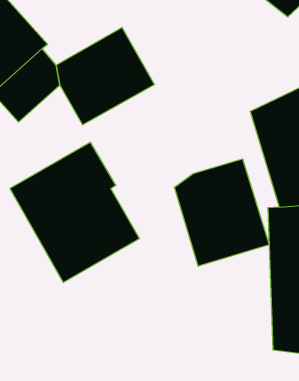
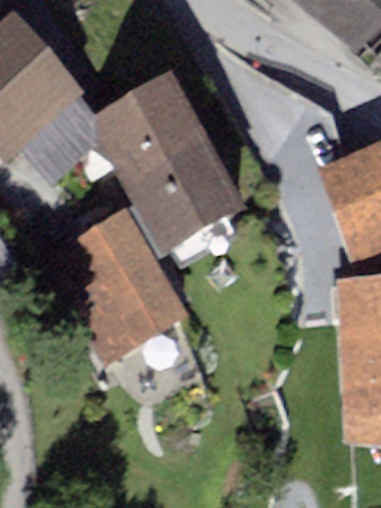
building: none -> [126,136,249,251]
building: [174,159,269,266] -> none

